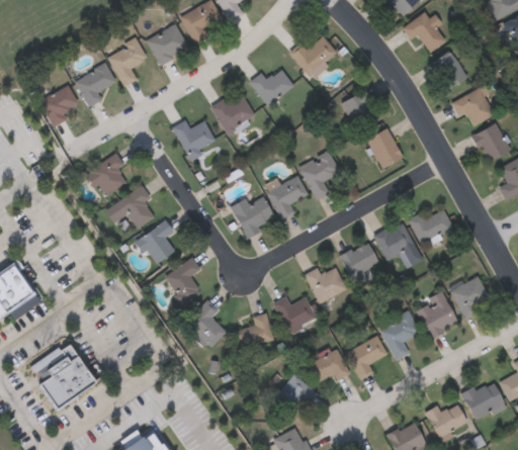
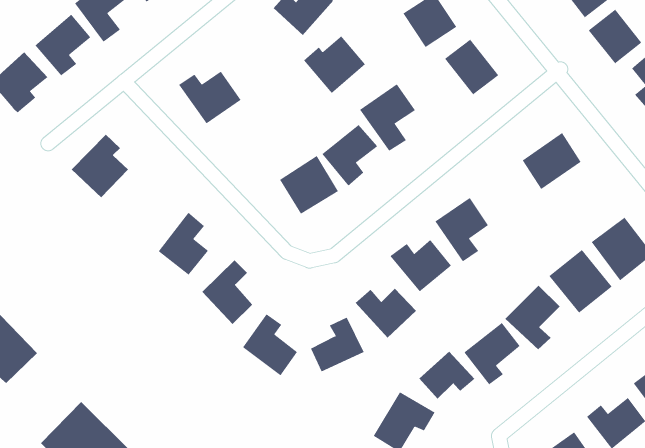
building: [211,94,256,134] -> [303,36,366,94]
building: [106,184,158,226] -> none
building: [374,221,415,262] -> none

